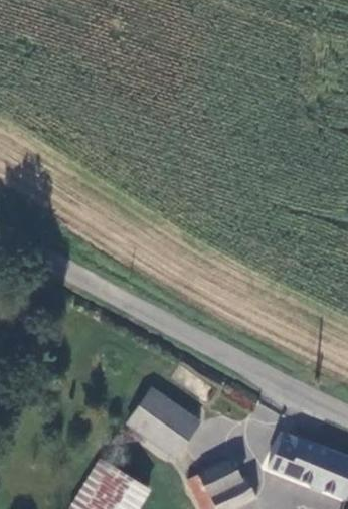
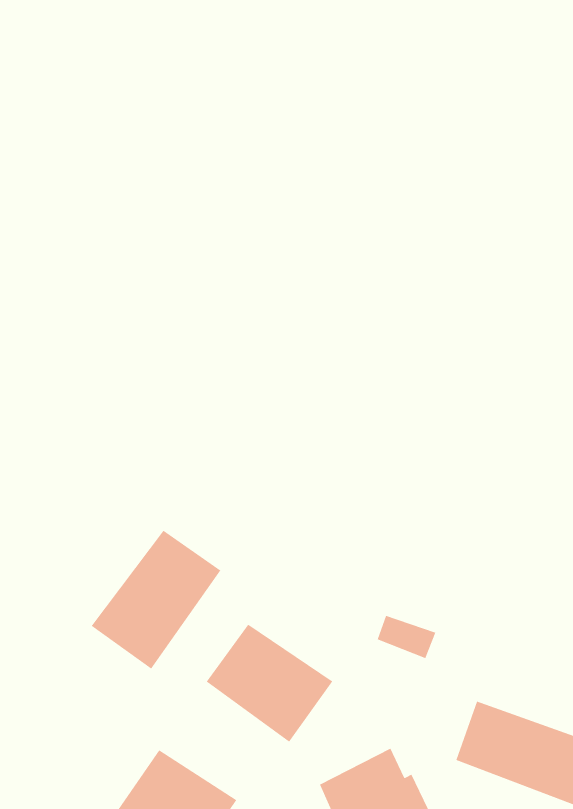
building: none -> [91,530,221,669]

